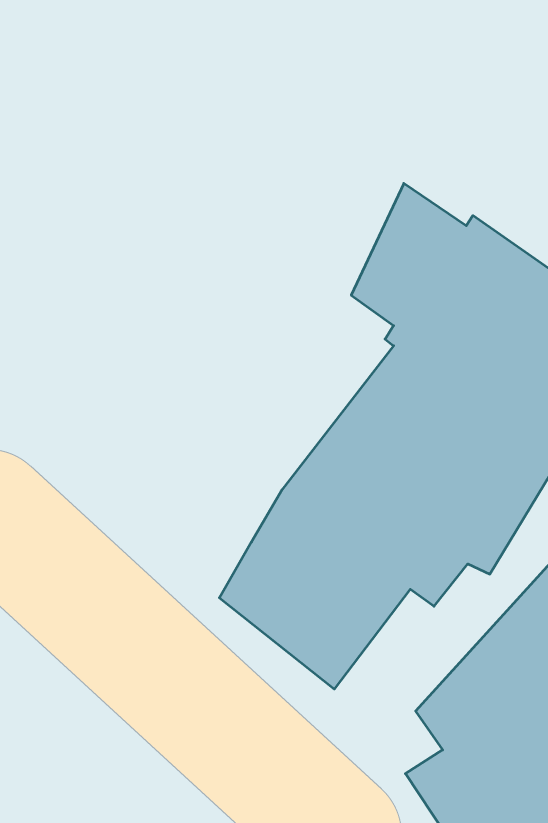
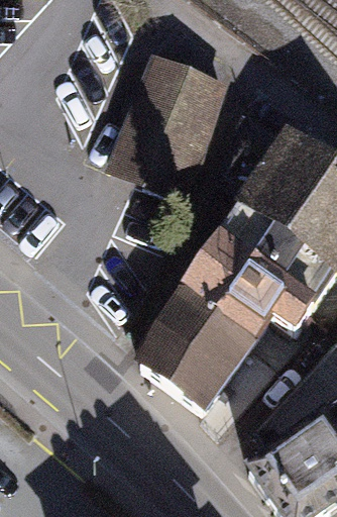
building: none -> [107,48,237,194]

